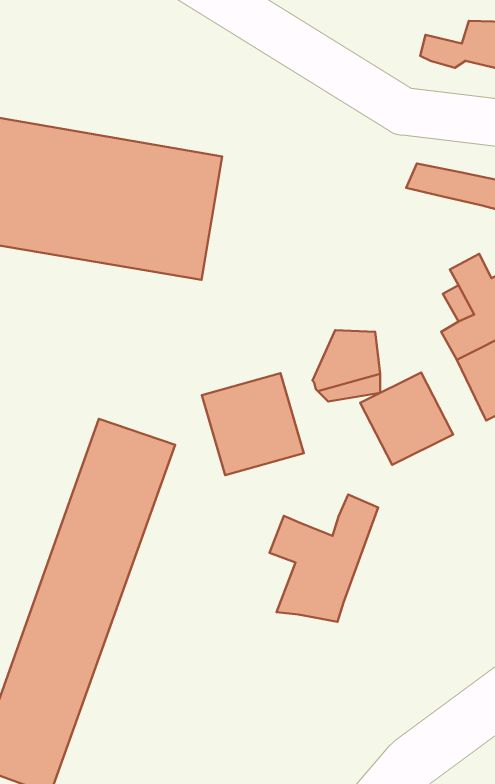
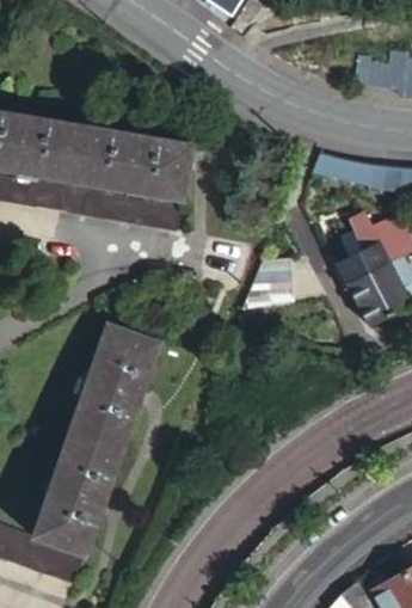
building: [360,372,453,465] -> none
building: [202,373,304,475] -> none
building: [270,495,378,622] -> none

